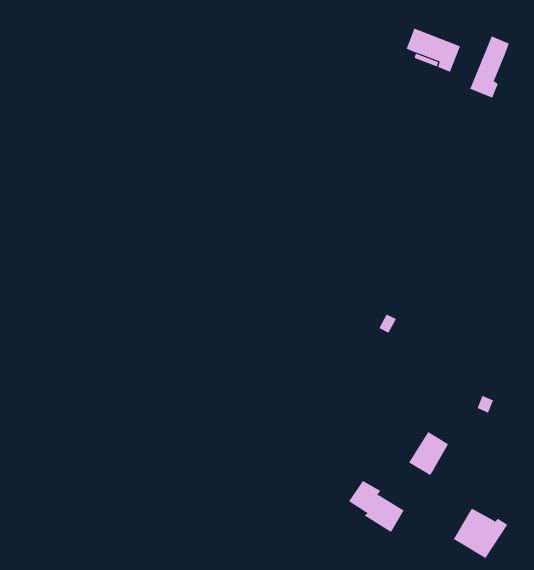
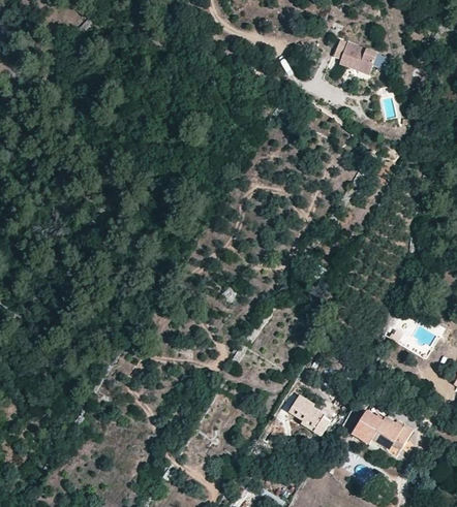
building: [469,35,510,98] -> none
building: [408,431,449,476] -> [352,409,384,444]

